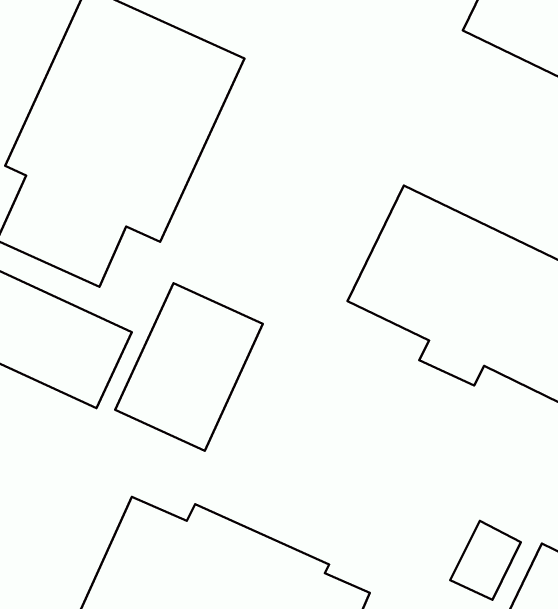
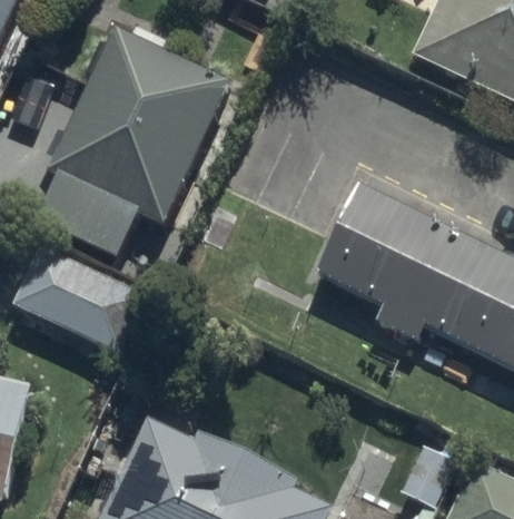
building: [115,283,263,451] -> none

